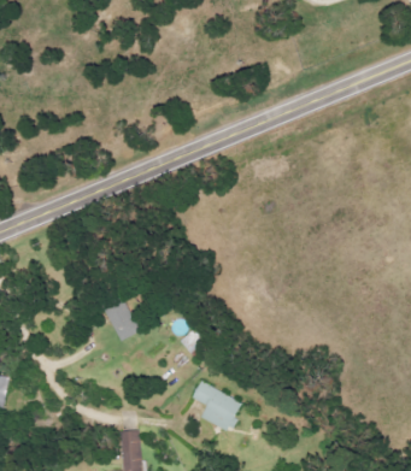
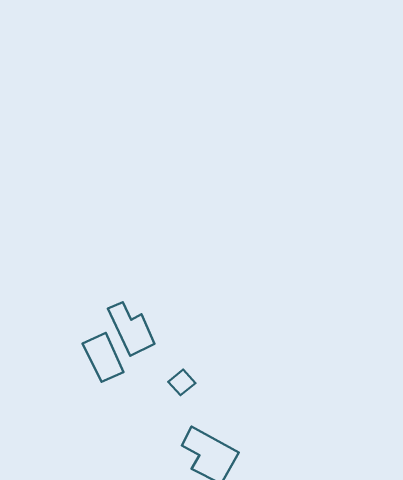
building: none -> [108,302,155,356]

